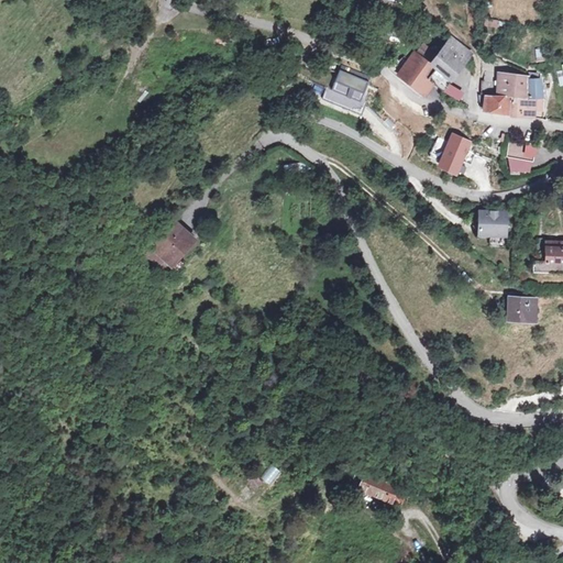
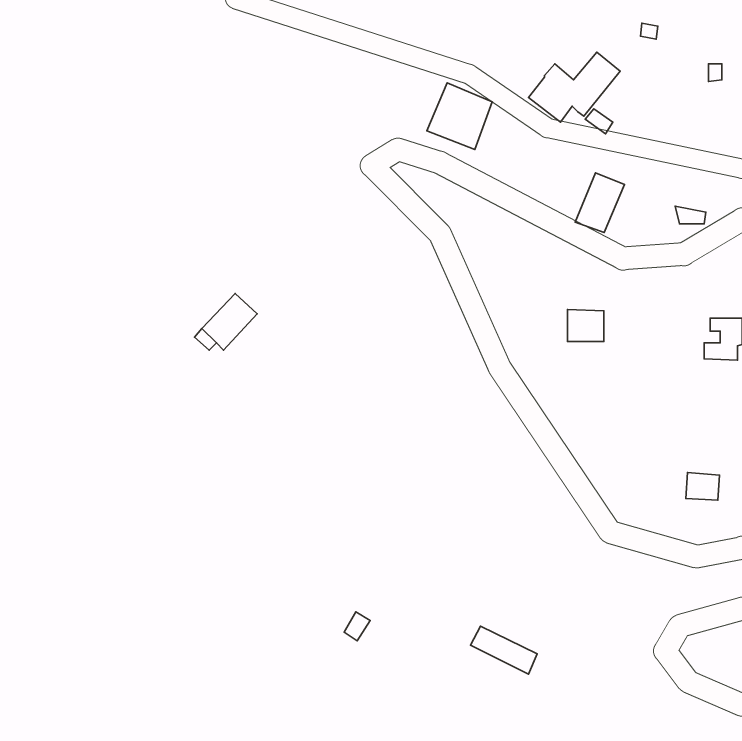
building: [479,74,543,118] -> none
building: [509,140,540,161] -> none
building: [479,210,507,234] -> [568,309,604,341]
building: [509,296,534,317] -> [686,472,719,500]

